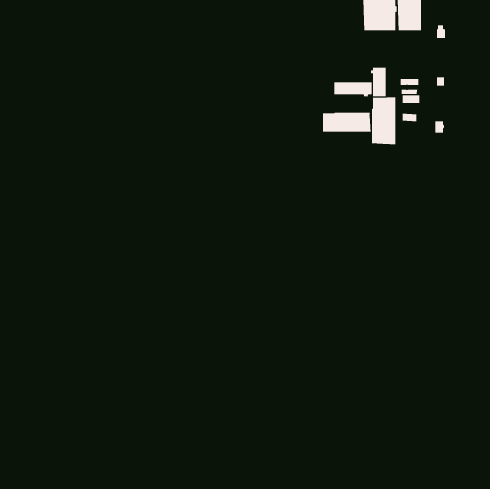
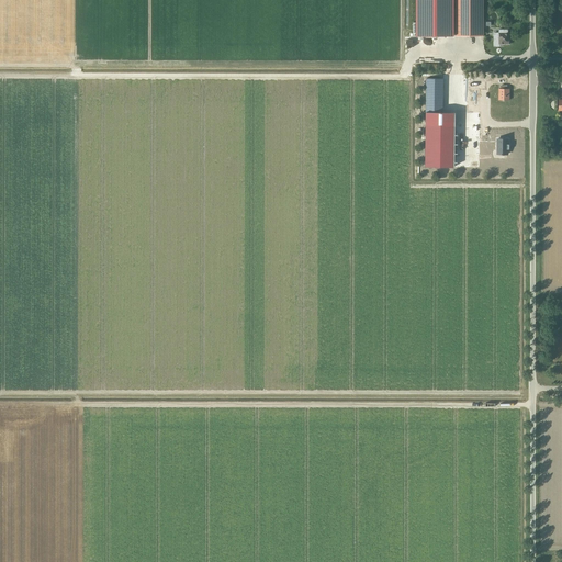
building: [334,82,372,97] -> none
building: [322,112,371,133] -> none

